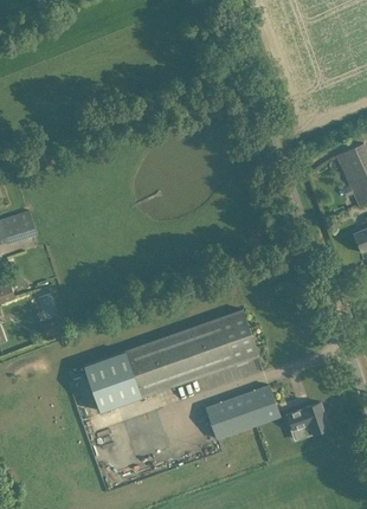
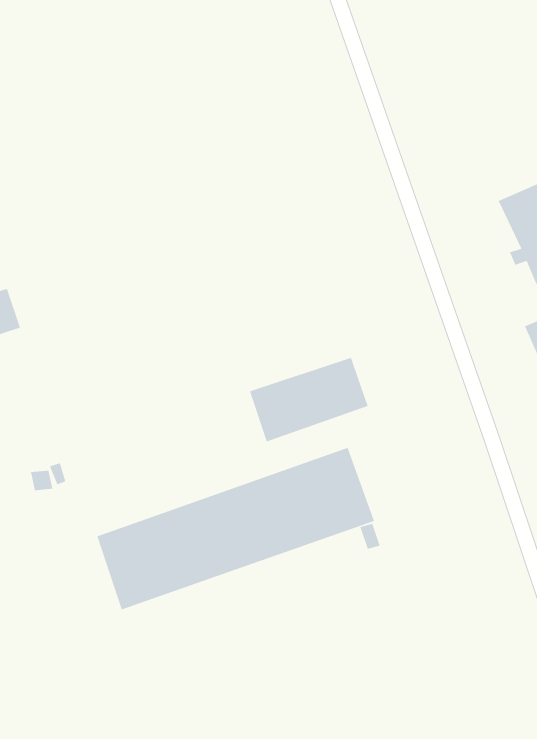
building: [205,386,279,439] -> [249,357,368,442]
building: [285,402,328,440] -> none

